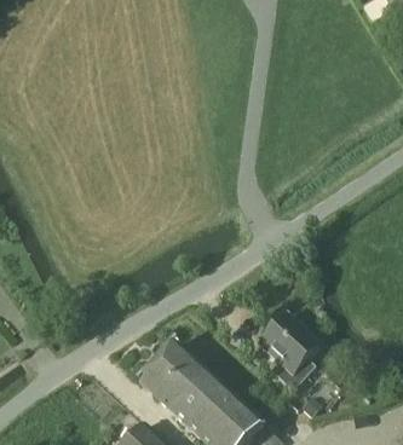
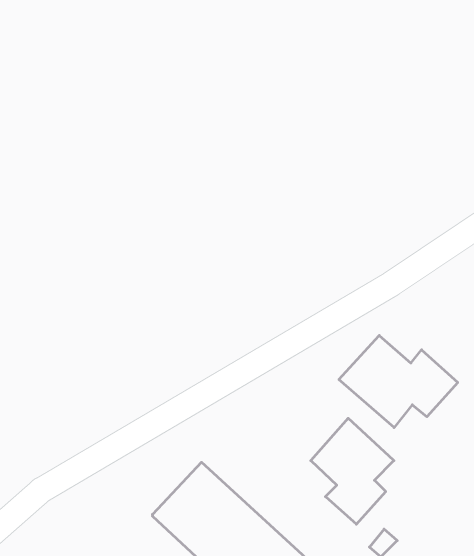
building: none -> [339,335,458,428]

